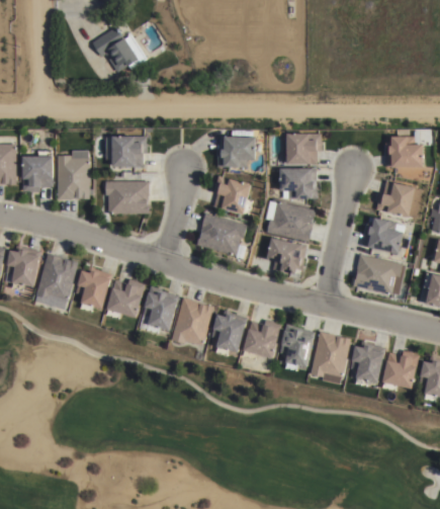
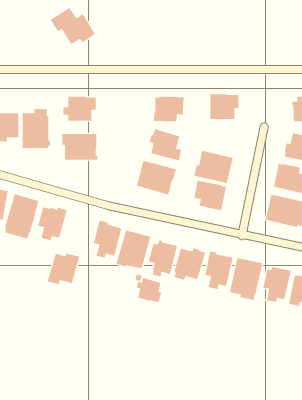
building: [279,167,318,199] -> none
building: [105,280,146,319] -> [47,253,80,285]
building: none -> [136,277,162,303]

